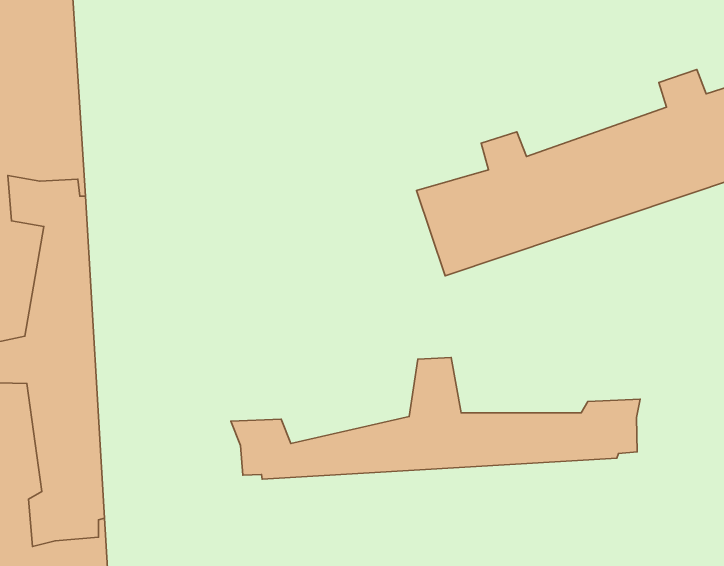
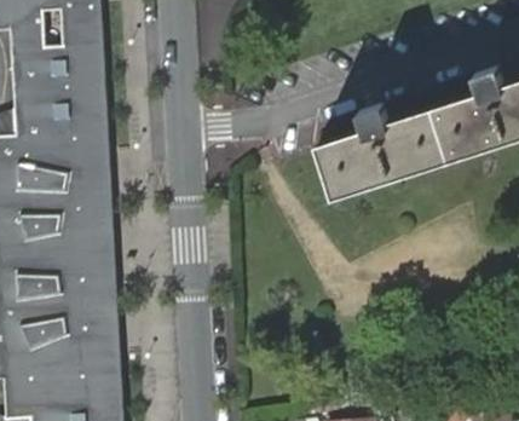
building: [231,357,640,479] -> none

